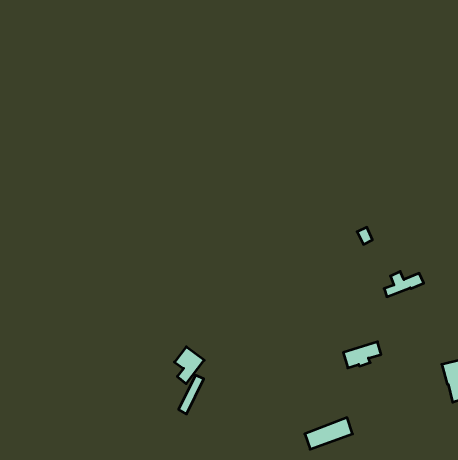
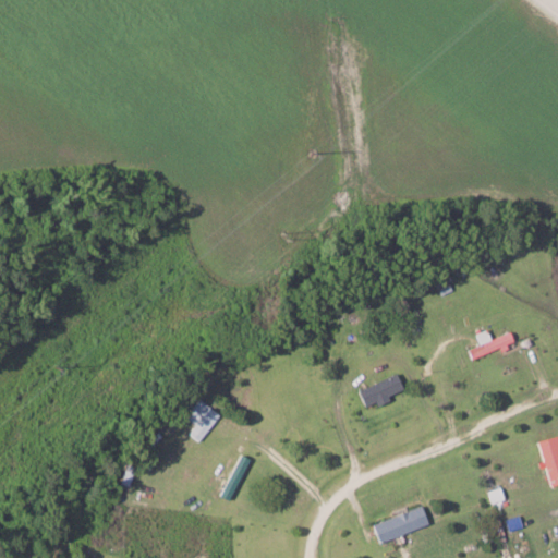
building: [343,342,381,368] -> [357,376,403,408]
building: [174,347,204,384] -> [185,399,221,444]

